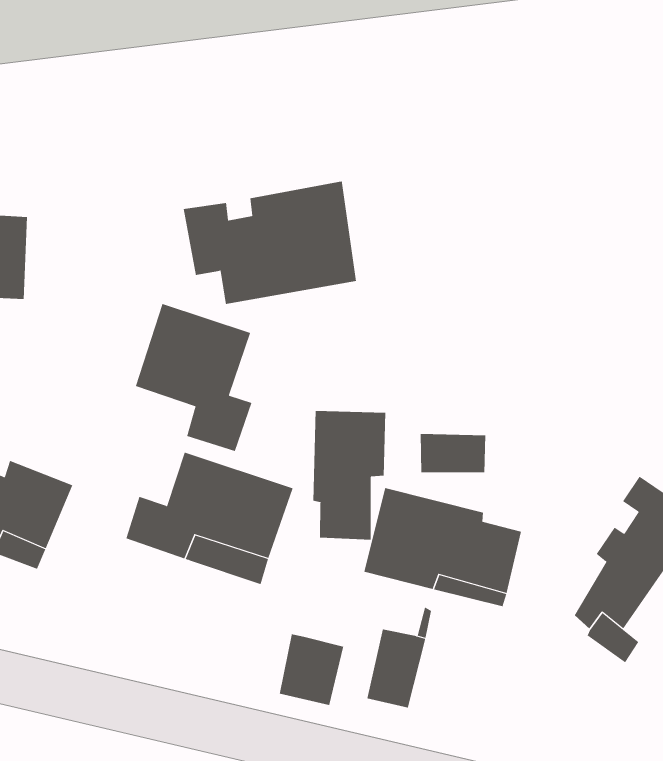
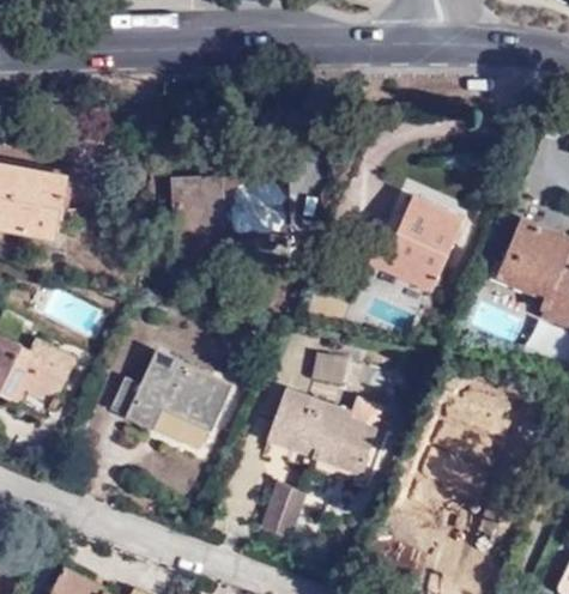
building: none -> [365,200,464,291]
building: [135,303,252,452] -> none
building: [313,410,386,540] -> none
building: [279,634,344,706] -> none

